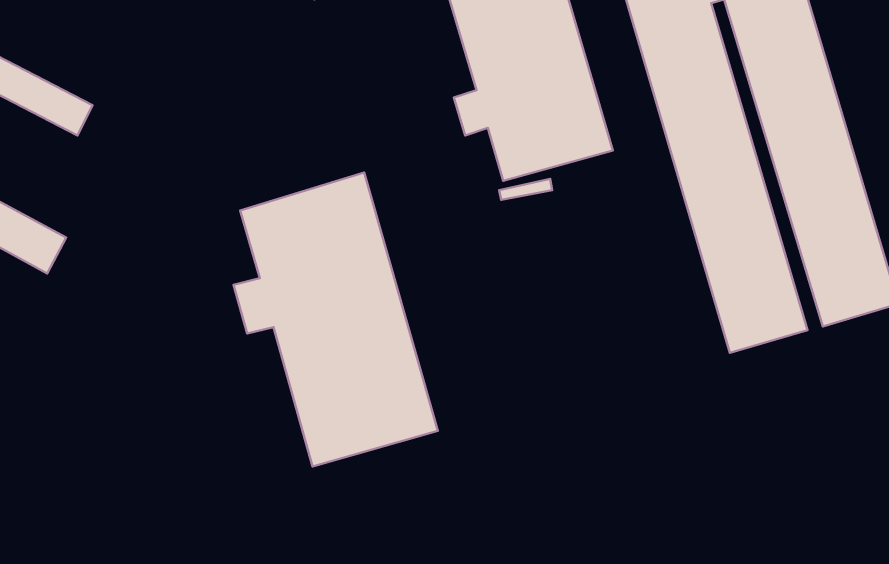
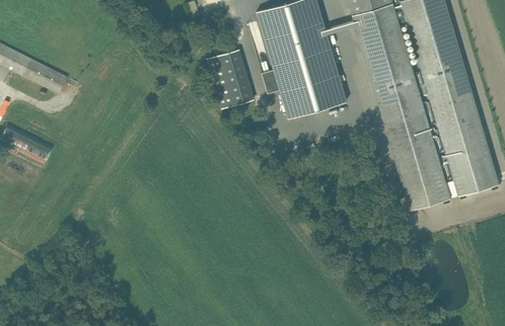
building: none -> [208,51,254,109]
building: [233,173,438,466] -> none

